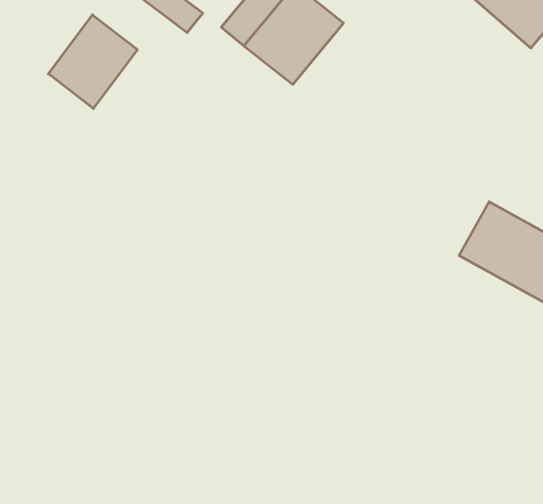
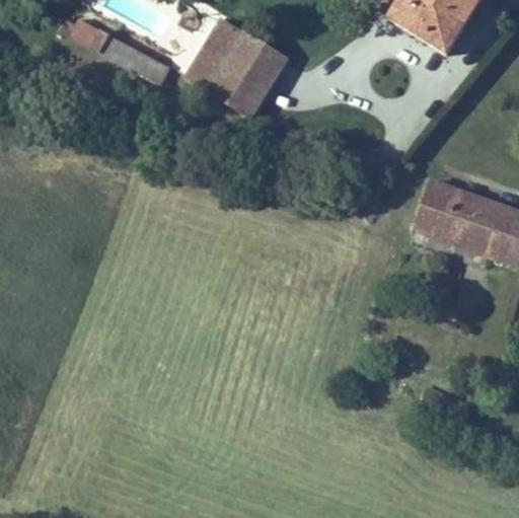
building: [48,15,137,109] -> none

